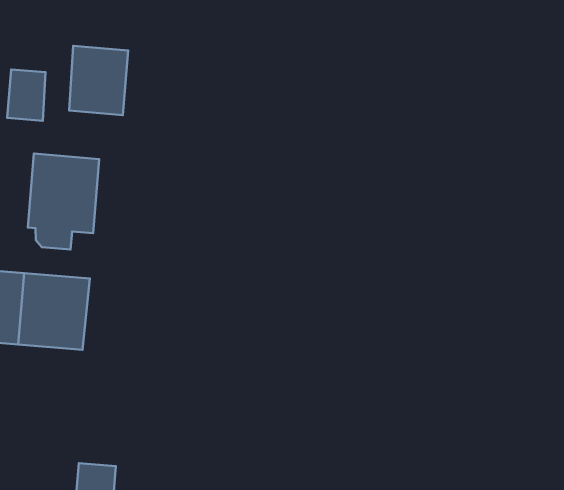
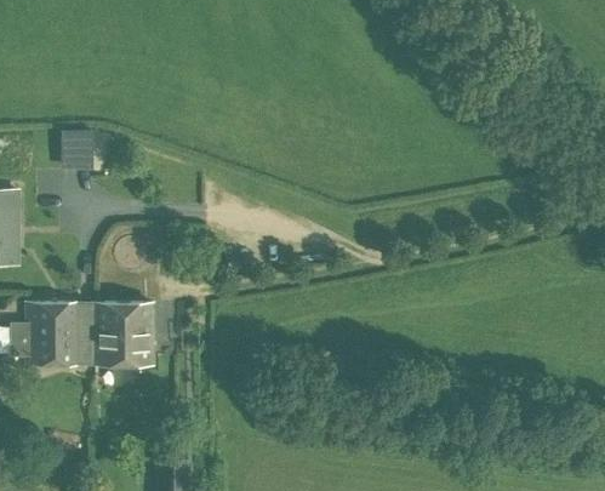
building: [69,46,128,115] -> none
building: [28,154,99,250] -> none

